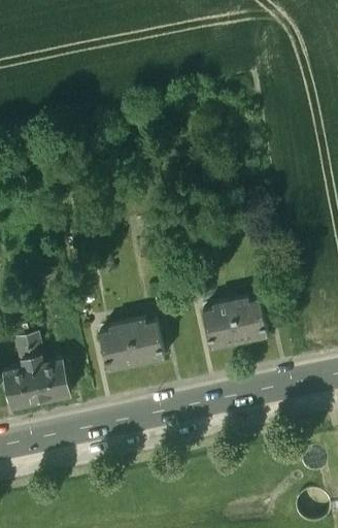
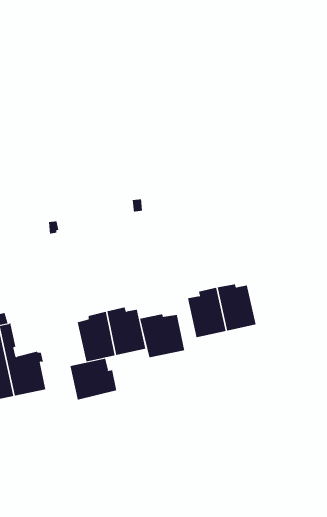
building: none -> [139,313,185,358]
building: none -> [70,358,117,400]

